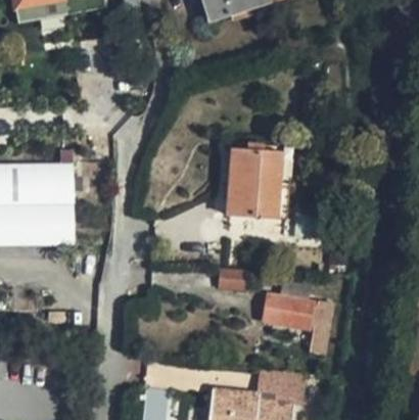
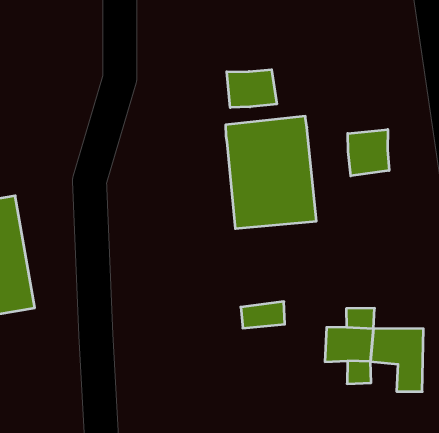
building: none -> [227,70,277,108]
building: none -> [348,129,389,176]

